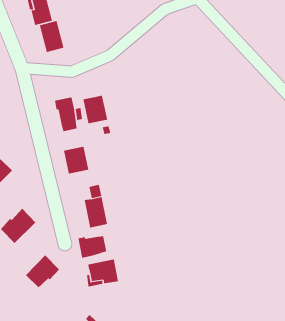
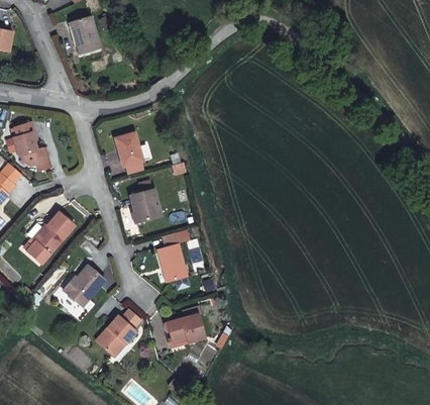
building: [39,20,64,53] -> none
building: [83,95,108,124] -> none
building: [78,235,107,258] -> none

